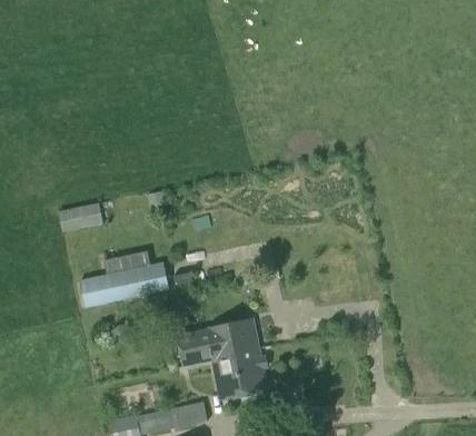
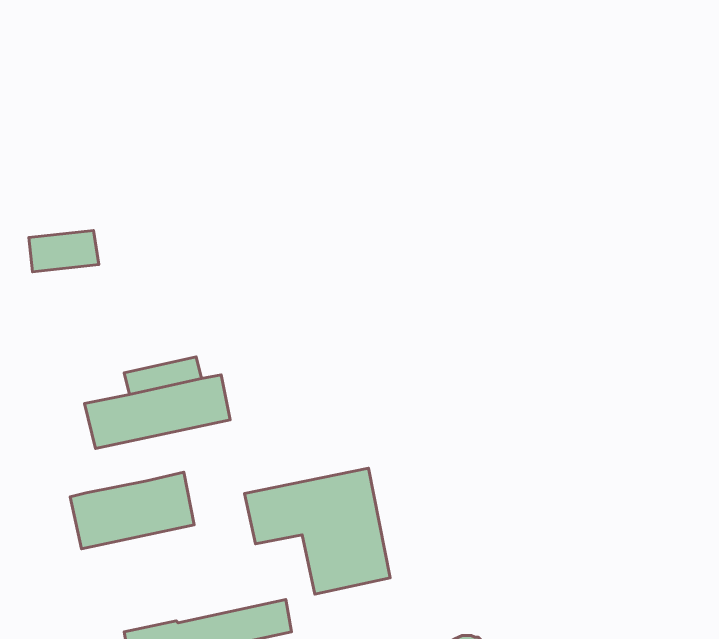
building: [60,204,103,229] -> [29,230,99,272]
building: none -> [70,472,194,549]

